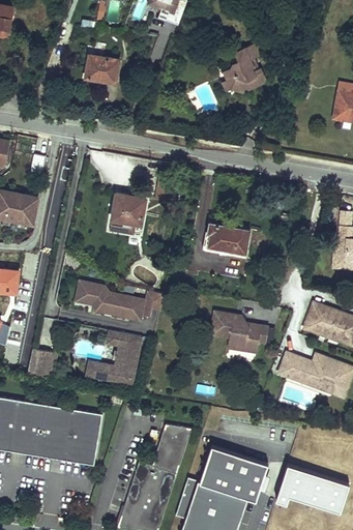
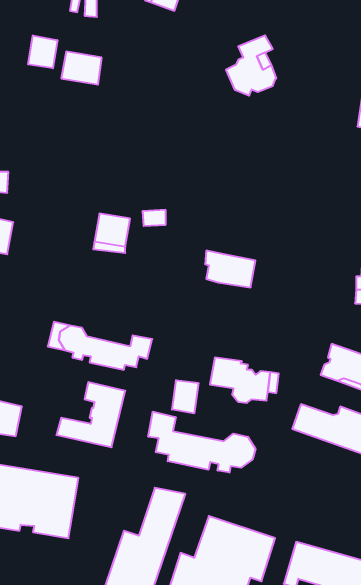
building: none -> [28,35,57,68]
building: none -> [172,380,198,413]
building: none -> [148,412,255,473]

